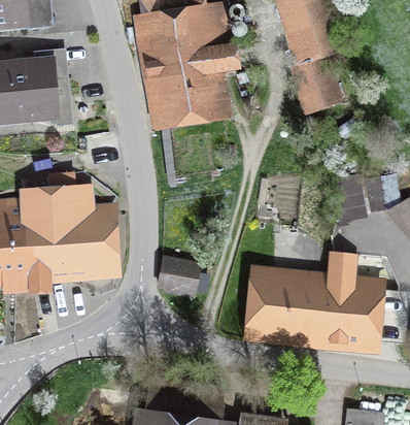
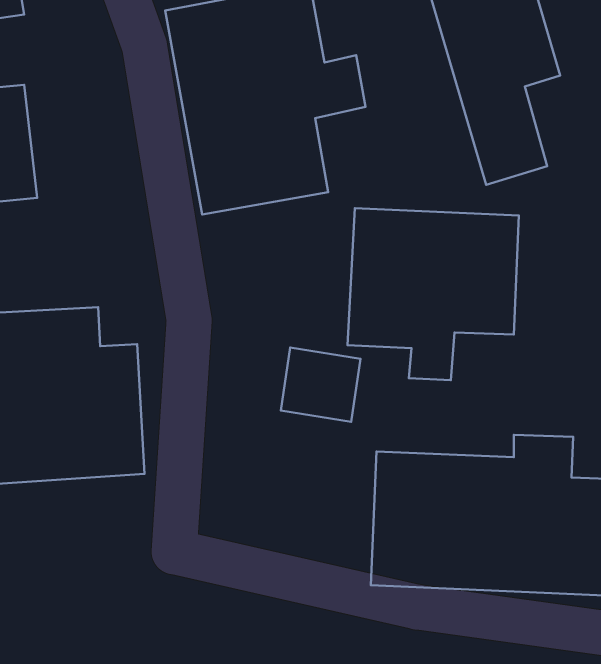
building: none -> [347,208,519,380]
building: [158,256,202,297] -> [281,348,361,422]

